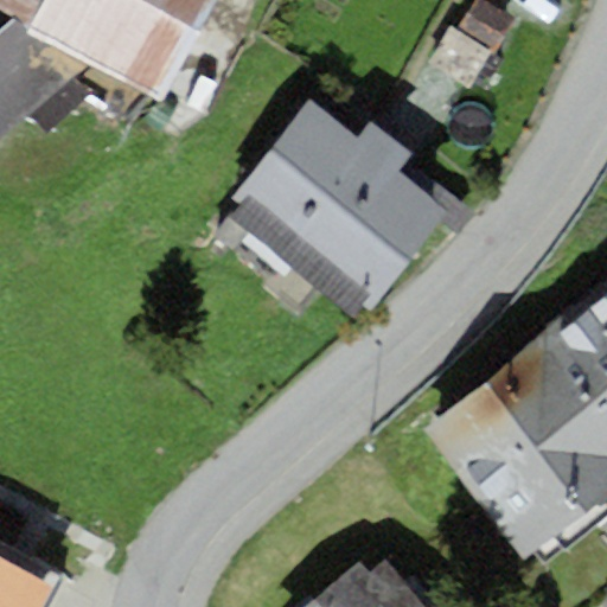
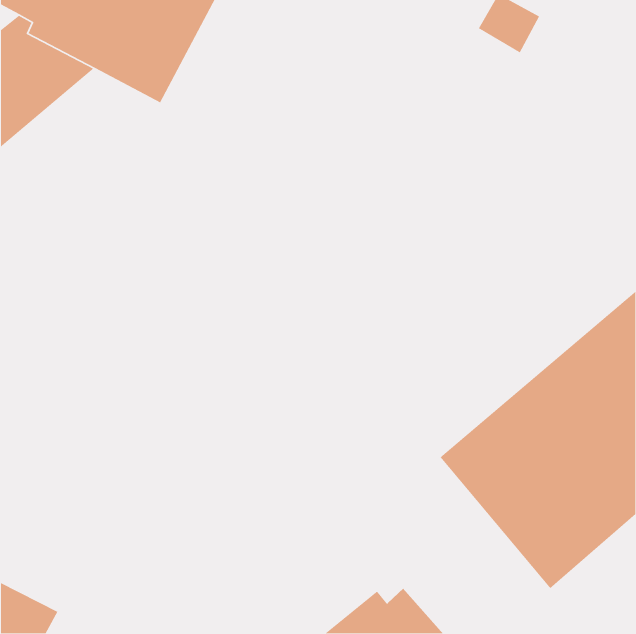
building: [229,102,448,317] -> none

